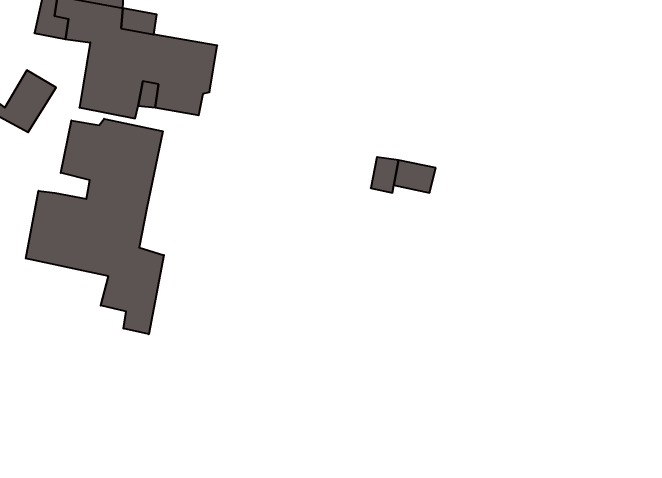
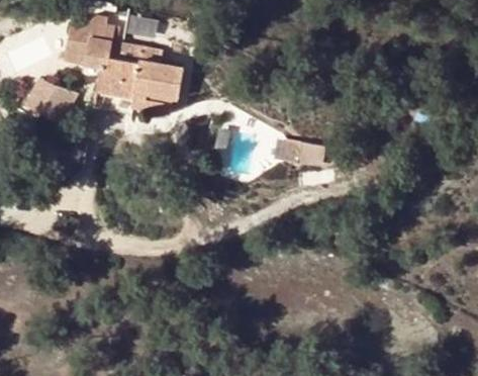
building: [26,119,164,334] -> none

